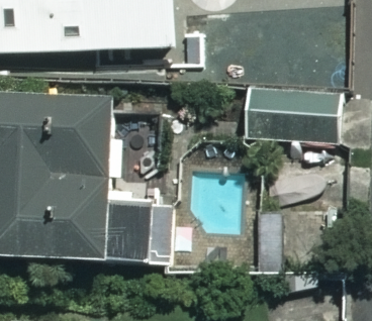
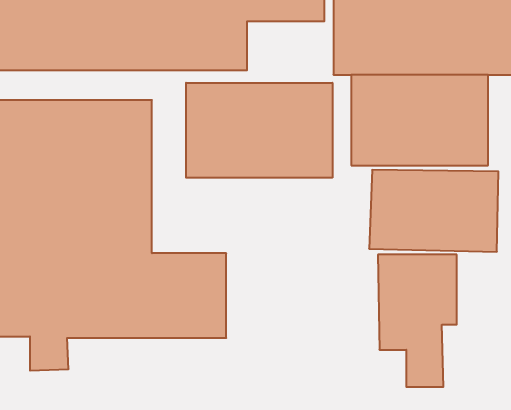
building: none -> [186,83,332,178]

